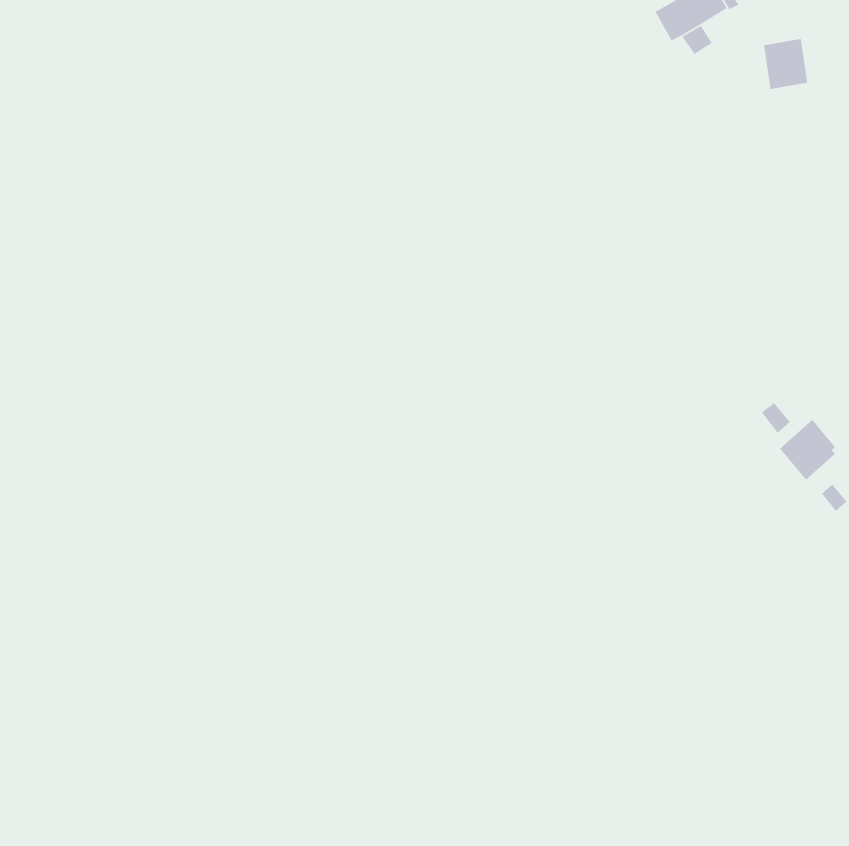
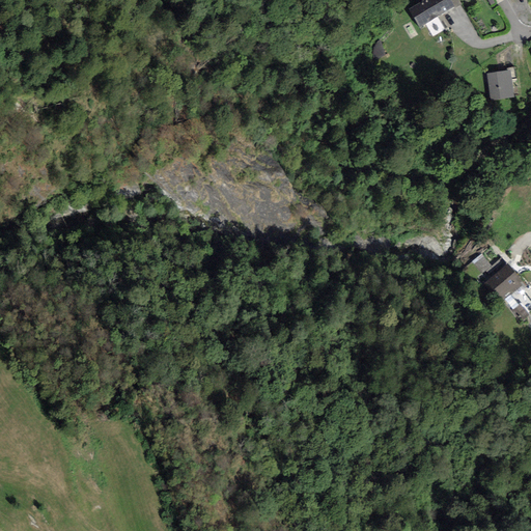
building: [763,38,808,90] -> [486,67,514,100]

